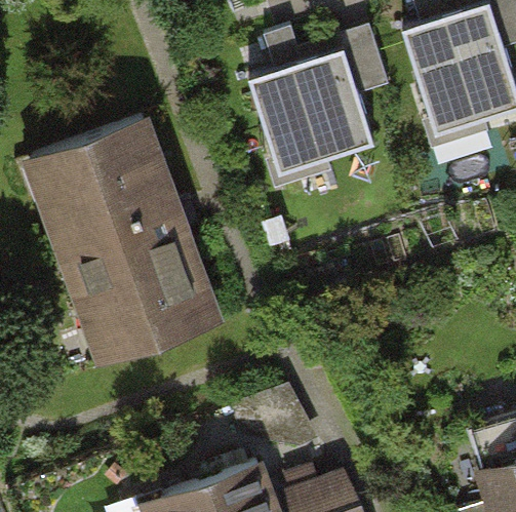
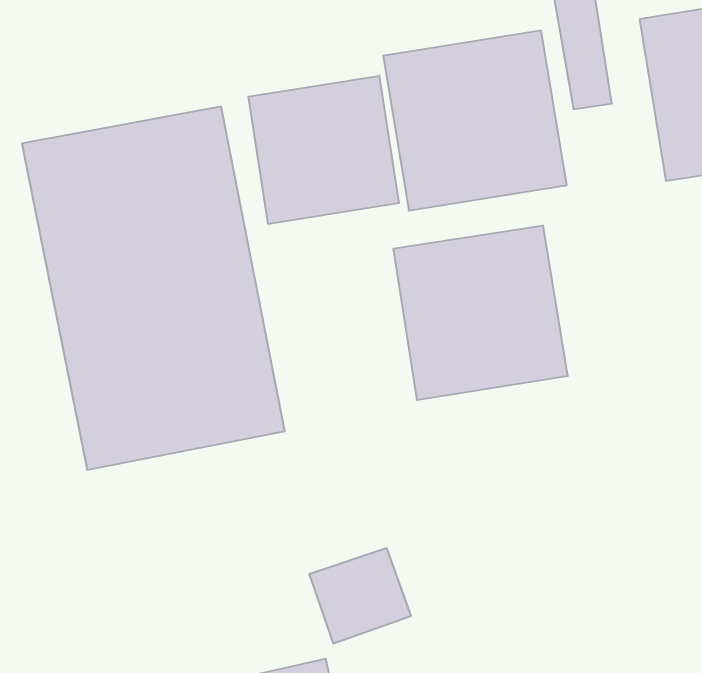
building: none -> [249,76,399,224]
building: none -> [394,225,568,400]

